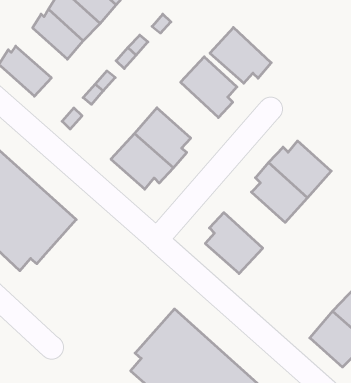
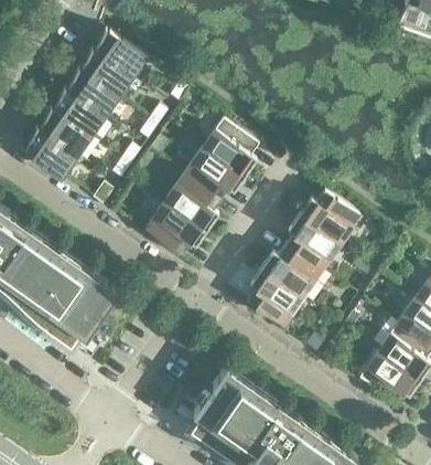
building: [210,27,271,83] -> [184,146,245,199]
building: none -> [40,110,91,157]
building: none -> [261,244,322,297]

